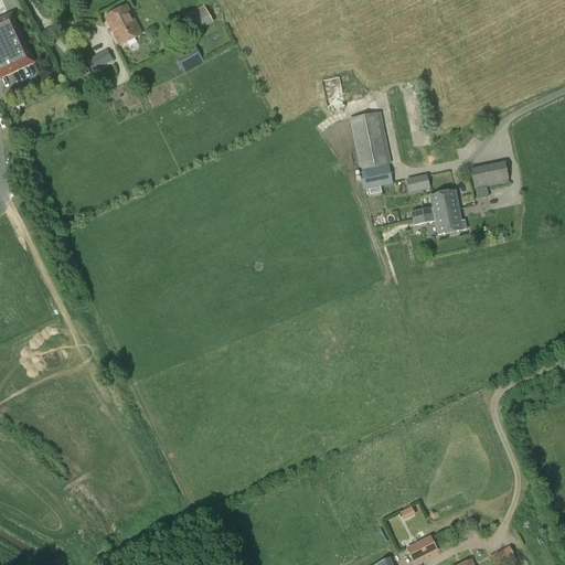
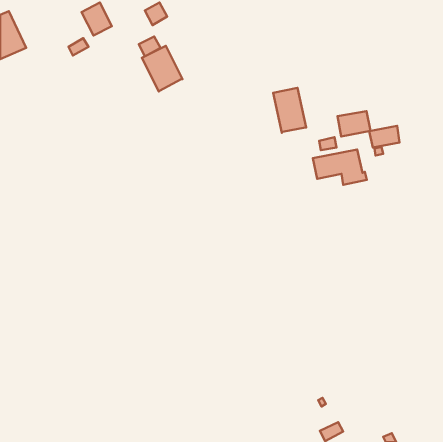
building: none -> [142,46,183,91]
building: none -> [338,111,371,136]
building: [360,162,393,189] -> none

